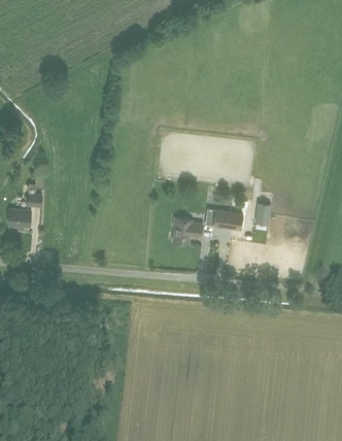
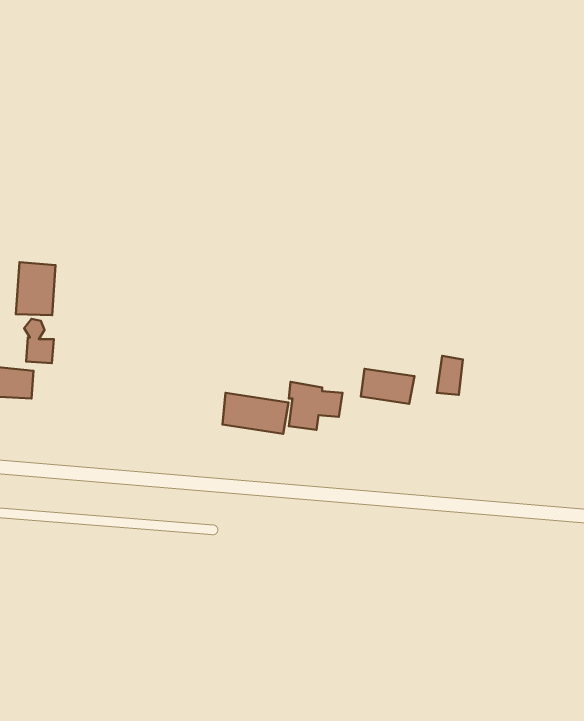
building: none -> [16,262,55,315]
building: none -> [222,393,289,434]

